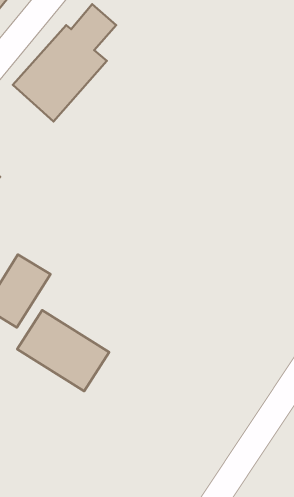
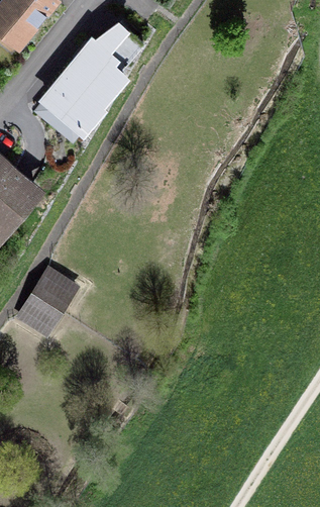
building: [17,310,109,391] -> none

